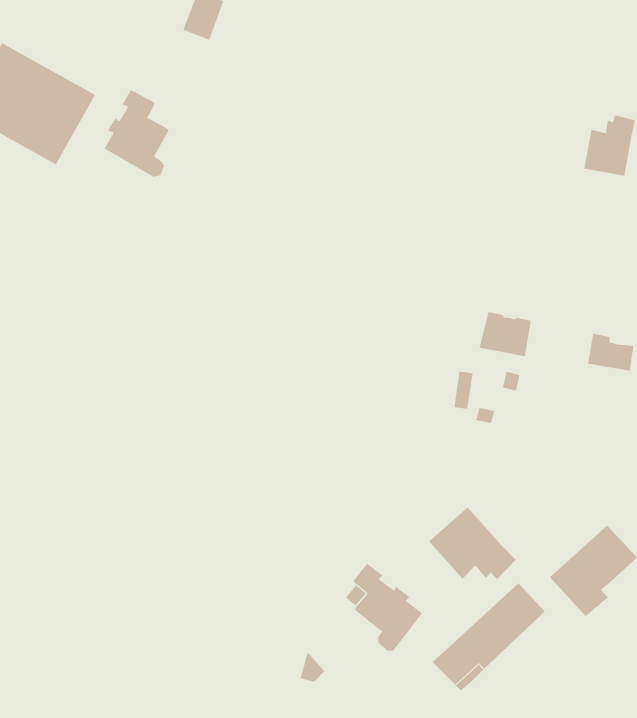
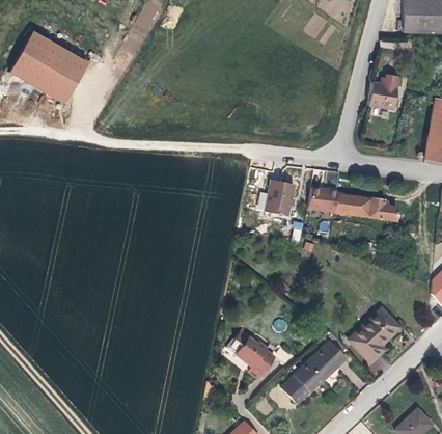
building: [104,89,170,178] -> none
building: none -> [267,180,296,215]
building: none -> [334,193,372,216]
building: [428,507,517,580] -> none

